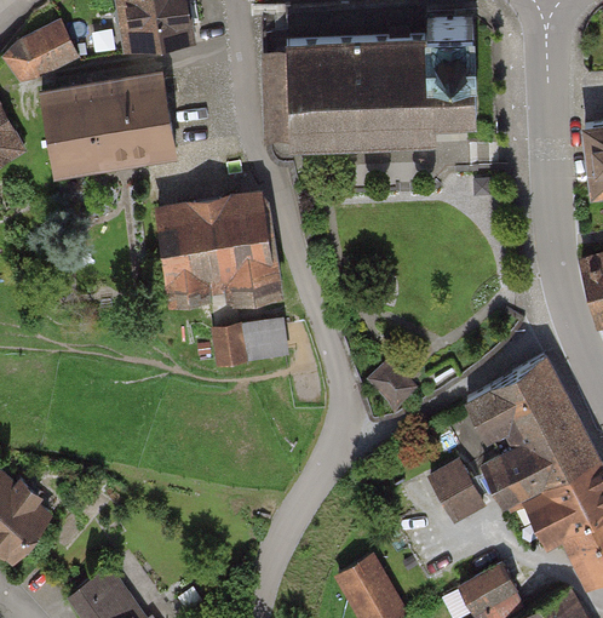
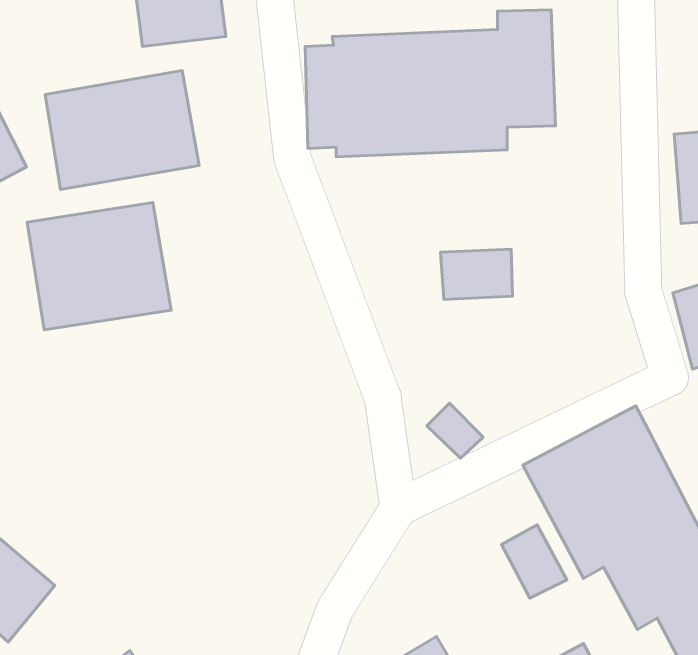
building: [18,24,81,85] -> none
building: [153,191,276,301] -> [27,203,171,330]
building: none -> [440,249,512,300]
building: [213,319,287,364] -> none

